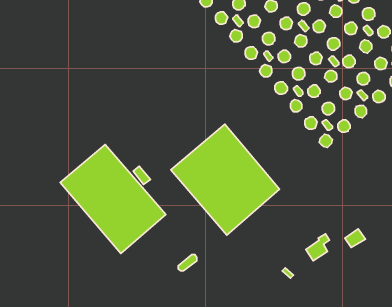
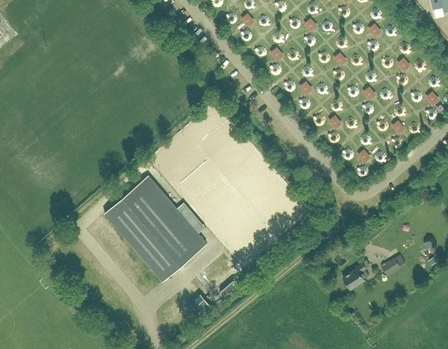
building: [171,124,280,235] -> none

